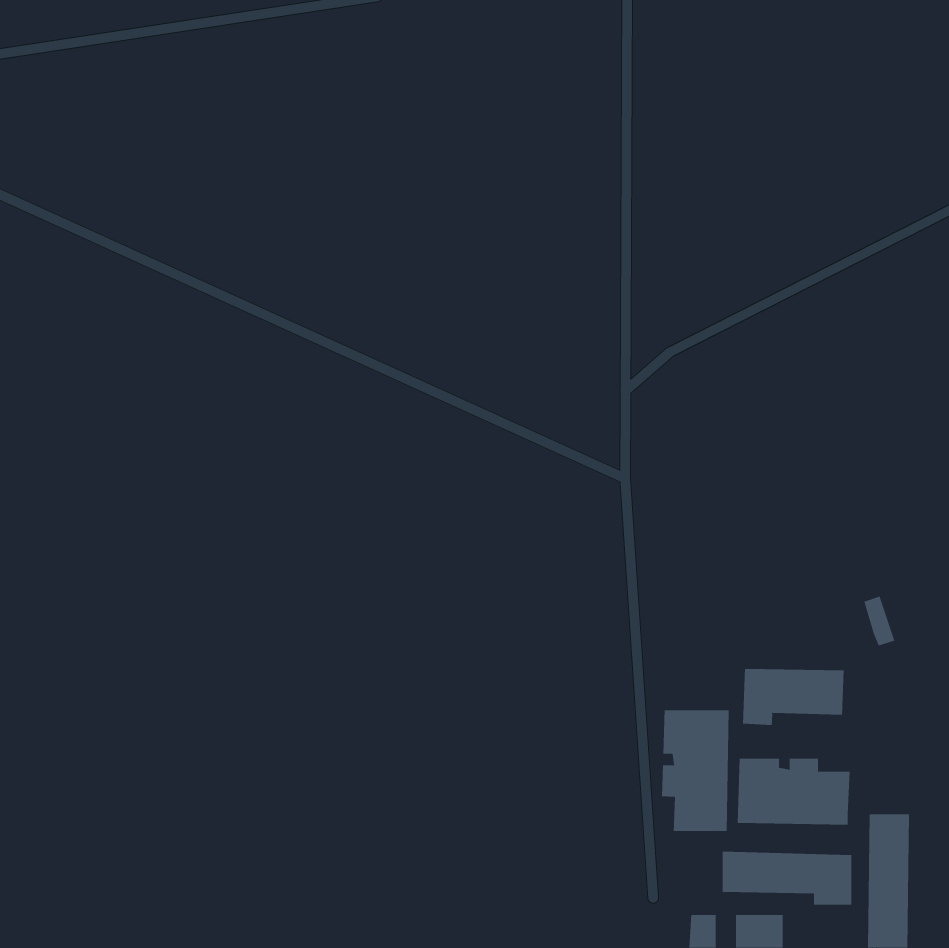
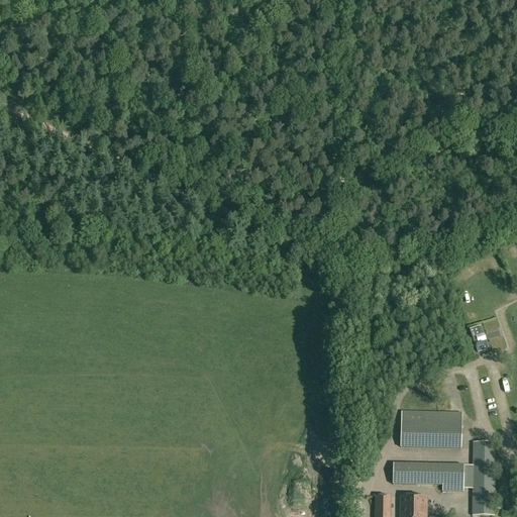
building: [742,668,844,726] -> none
building: [661,709,729,832] -> none

